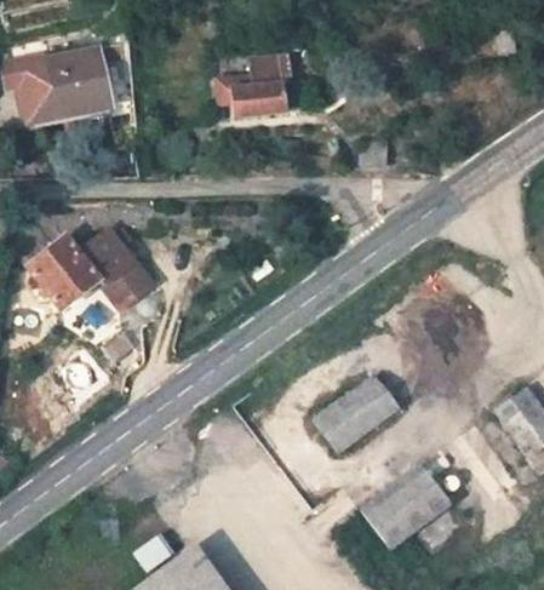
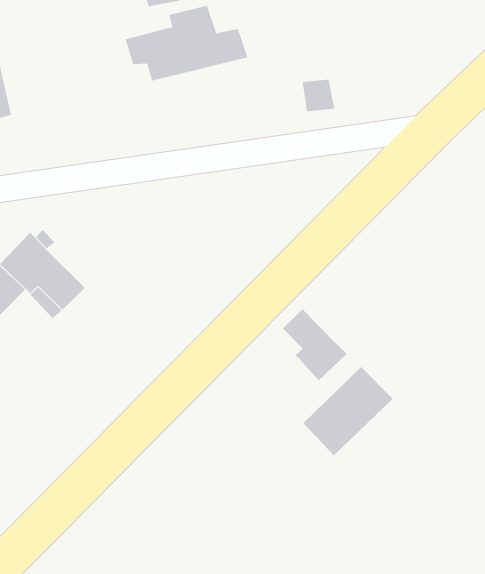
building: none -> [282,308,348,381]
building: [362,468,452,551] -> none

